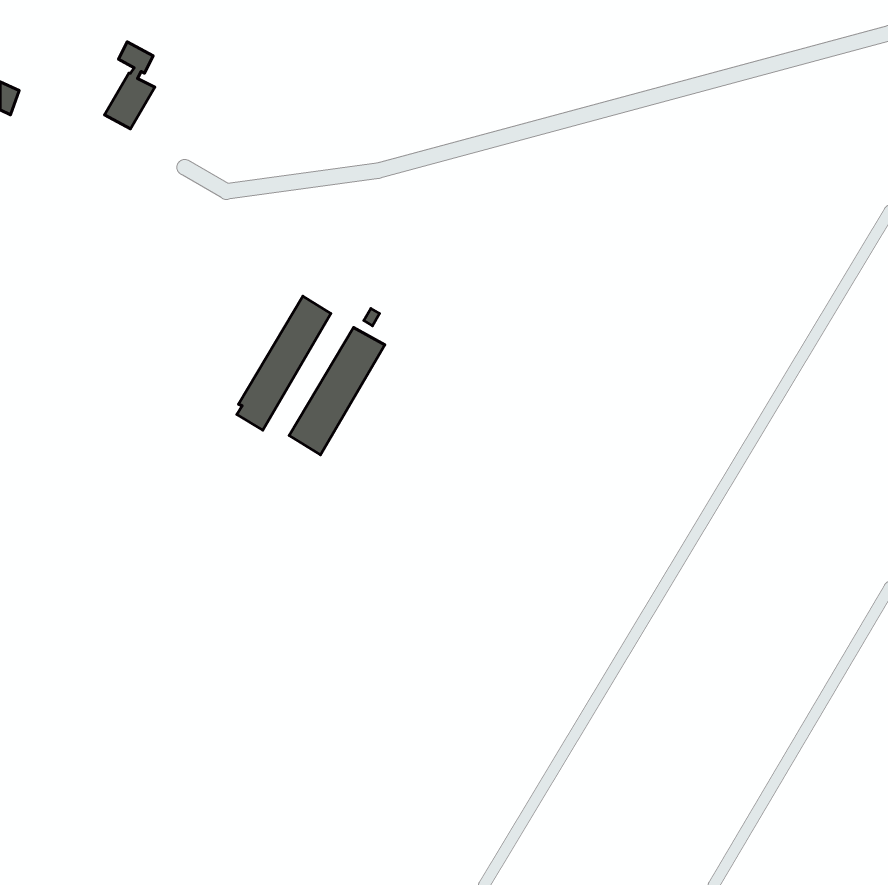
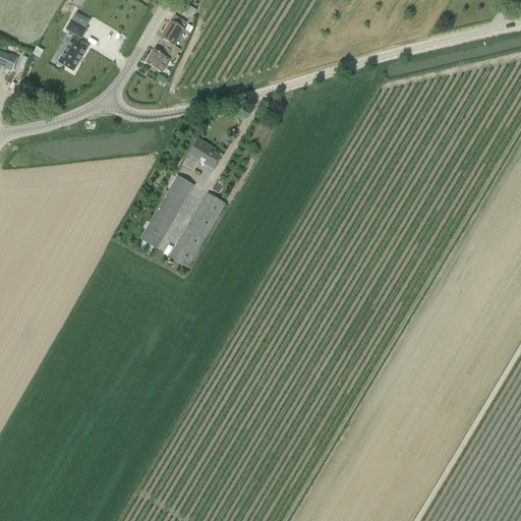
building: none -> [147,18,187,69]
building: none -> [184,137,221,169]

